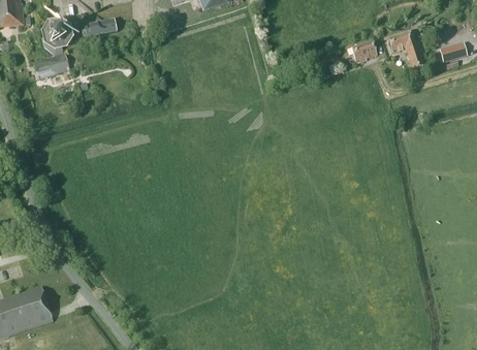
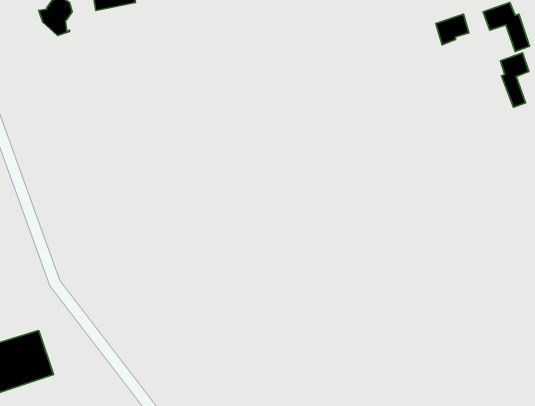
building: [33,54,68,79] -> none
building: none -> [501,53,529,107]

